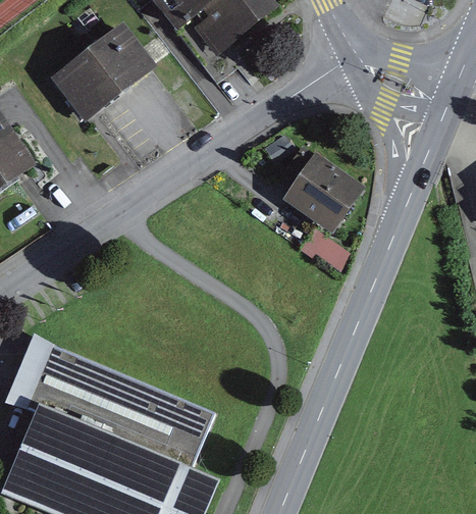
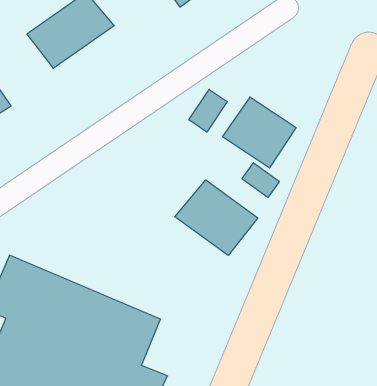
building: none -> [189,89,227,132]
building: none -> [175,180,258,255]

